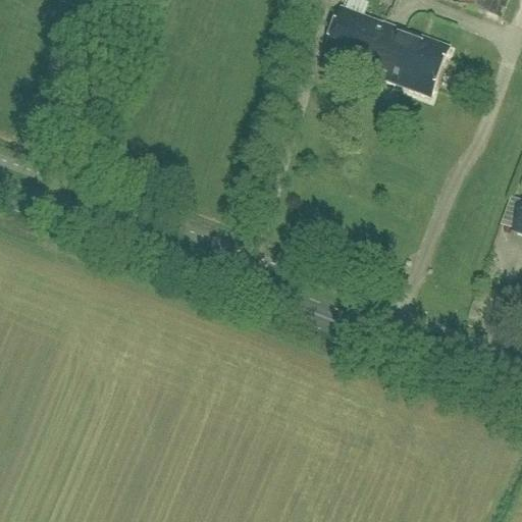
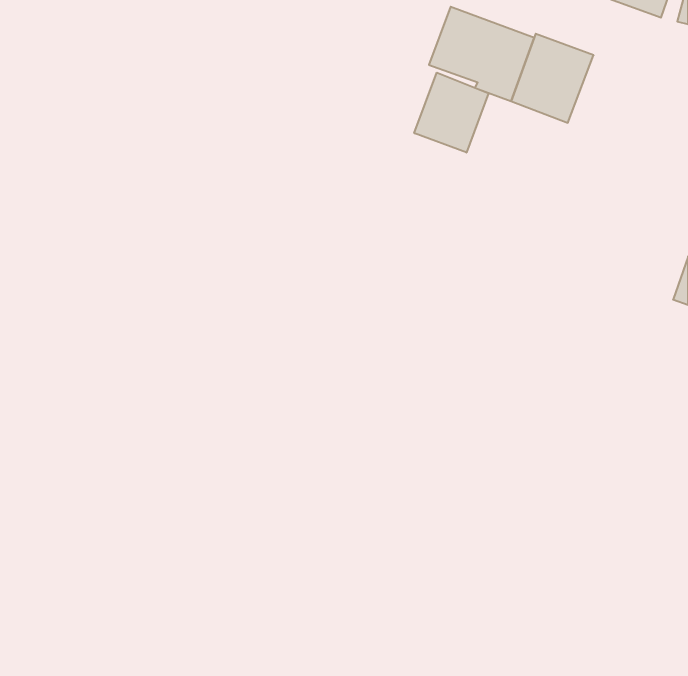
building: none -> [414,73,488,153]

